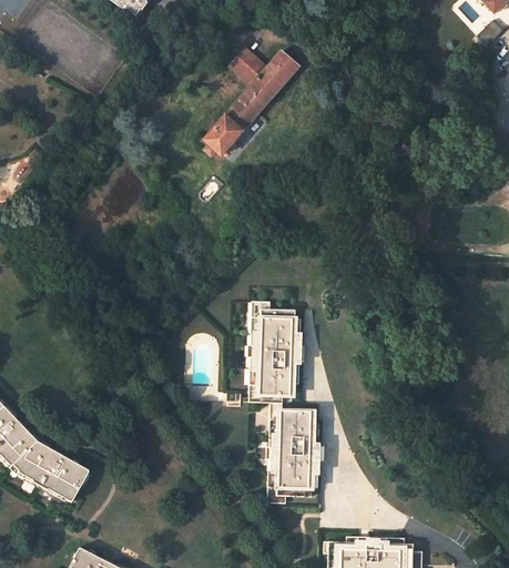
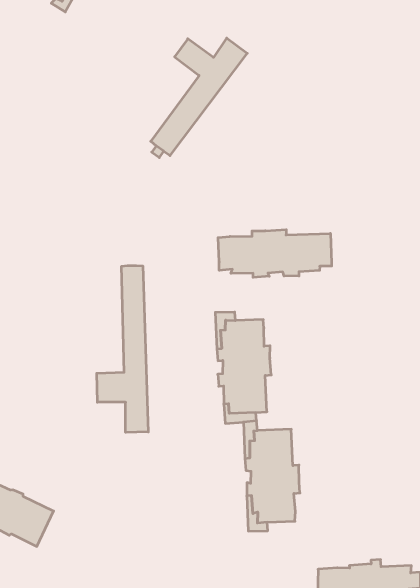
building: none -> [218,230,332,277]
building: none -> [97,266,148,432]

